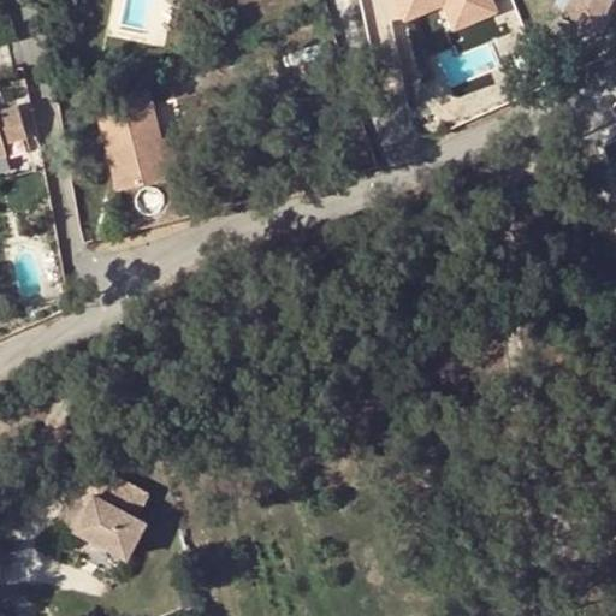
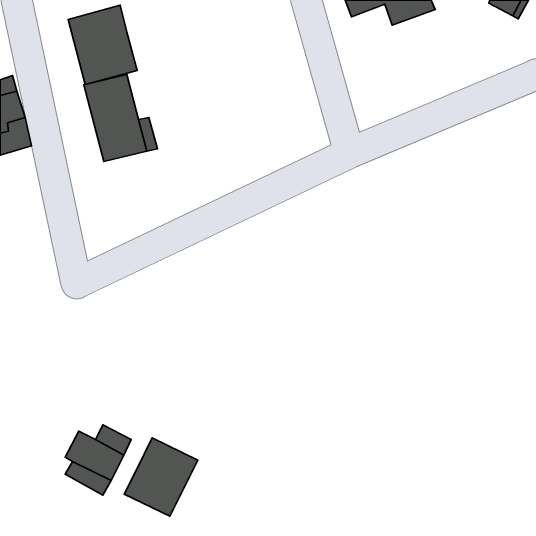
building: none -> [68,5,137,85]
building: none -> [124,438,198,516]

